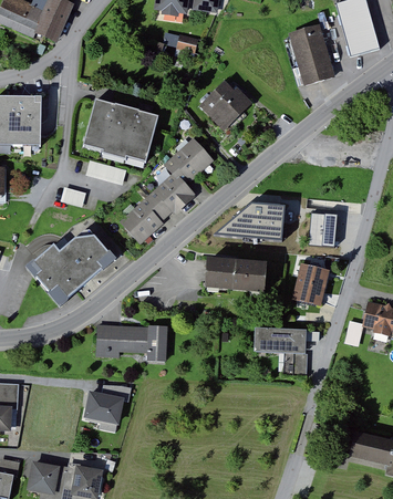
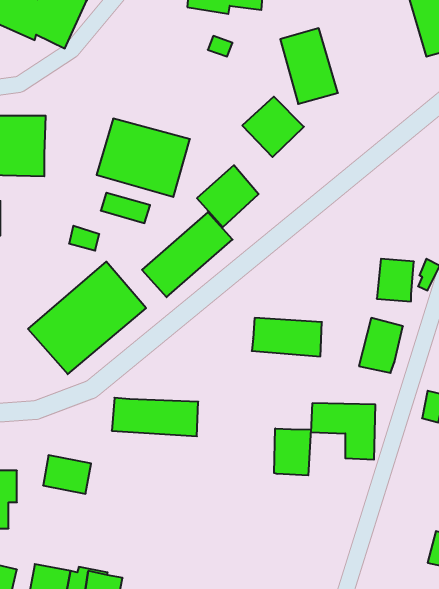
building: [289,24,335,85] -> [280,28,338,104]
building: [213,201,288,241] -> none
building: none -> [274,428,311,475]
building: [83,388,122,419] -> [43,455,91,494]

